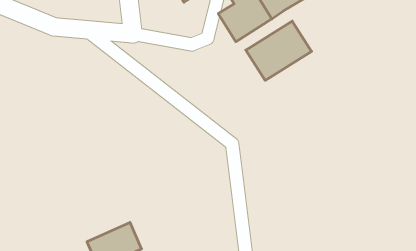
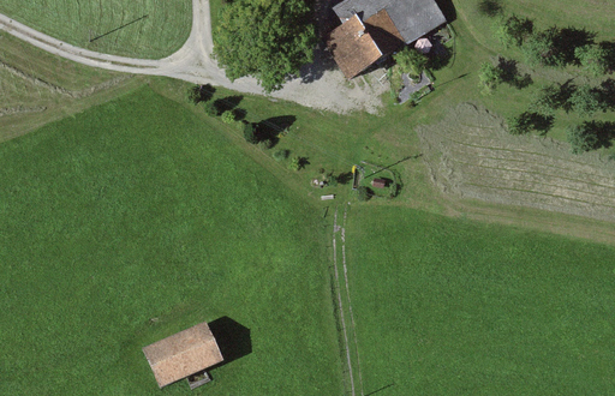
building: [246,21,312,80] -> none

